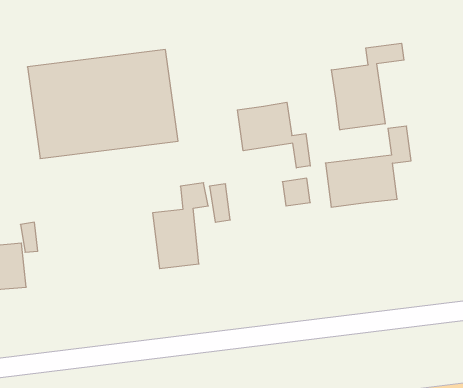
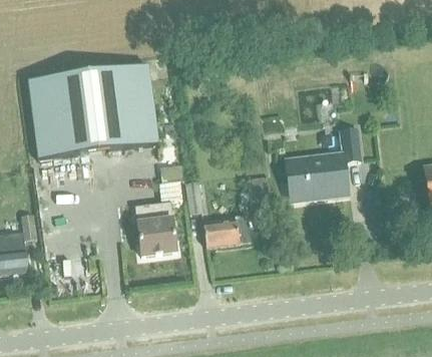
building: [331,43,404,130] -> none
building: [237,102,310,168] -> none
building: none -> [203,214,251,244]

